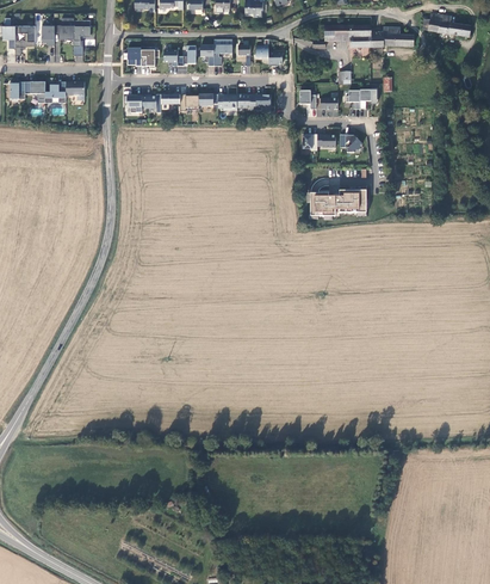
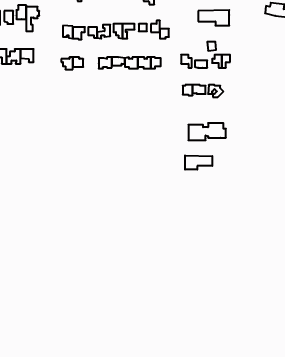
building: [370,27,413,48] -> none
building: none -> [185,155,212,170]

